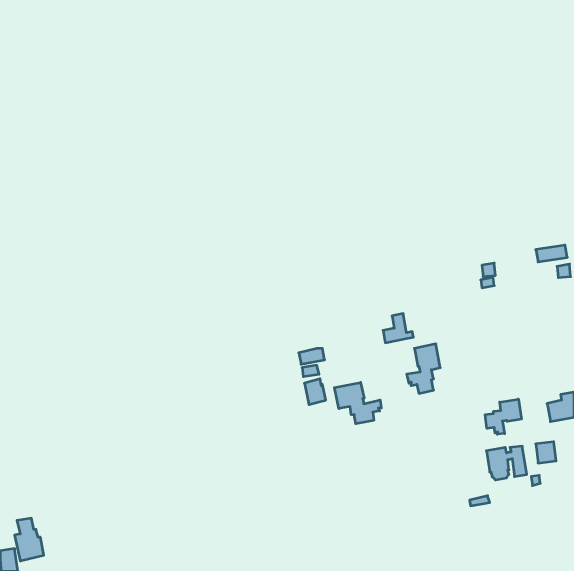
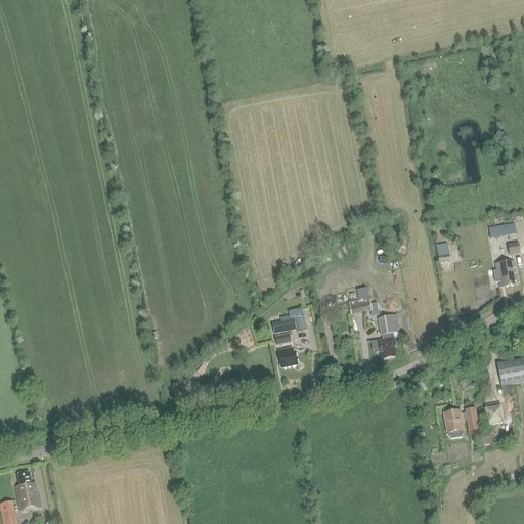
building: none -> [493,259,516,286]
building: [334,382,381,424] -> none
building: [485,399,521,434] -> none

